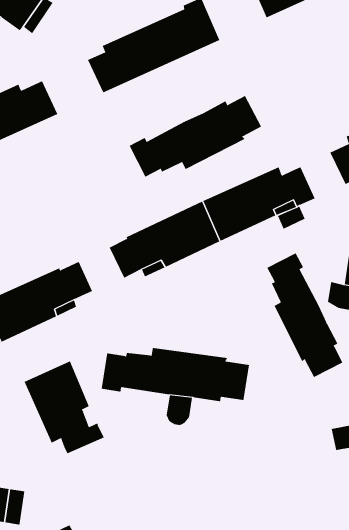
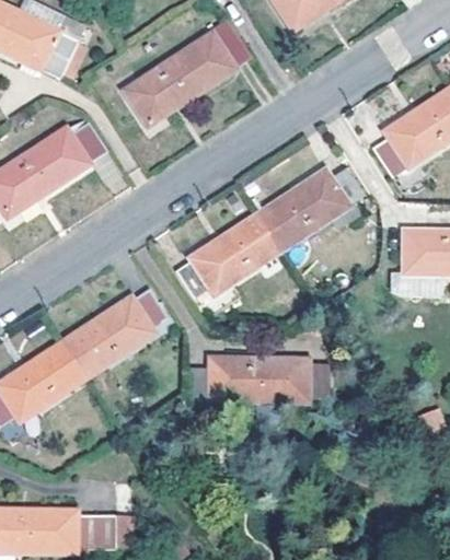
building: [129,95,262,177] -> none
building: [267,252,343,378] -> none
building: [24,361,104,454] -> none

